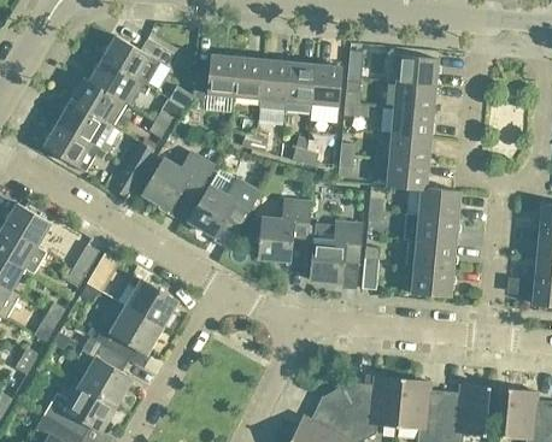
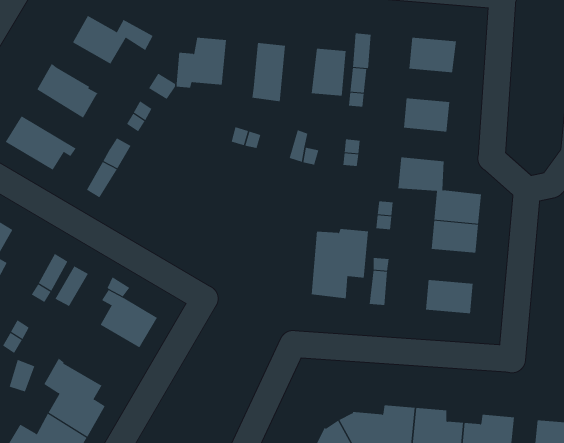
building: [234,57,264,99] -> none
building: [89,59,145,107] -> none
building: [284,61,316,113] -> none
building: [394,82,435,111] -> none
building: [58,100,113,152] -> none
building: [389,134,430,163] -> none
building: [142,152,213,210] -> none
building: [189,170,259,236] -> none
building: [253,200,310,260] -> none
building: [406,240,456,270] -> none
building: [95,306,162,358] -> none

